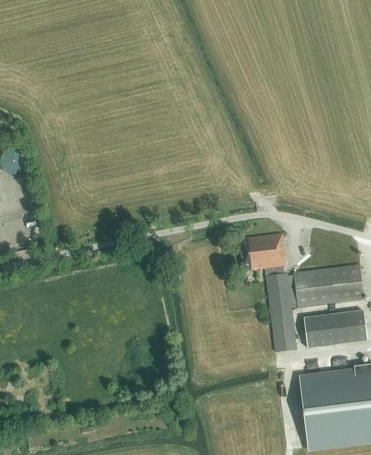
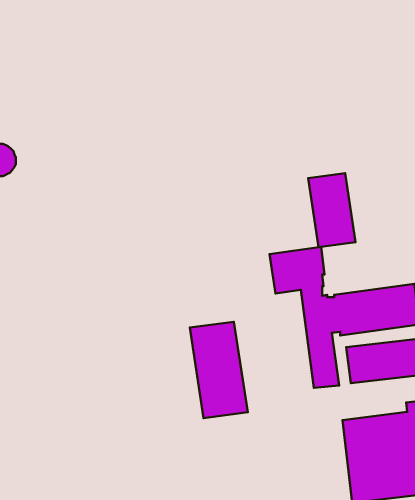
building: none -> [308,173,355,247]
building: none -> [190,322,248,418]

